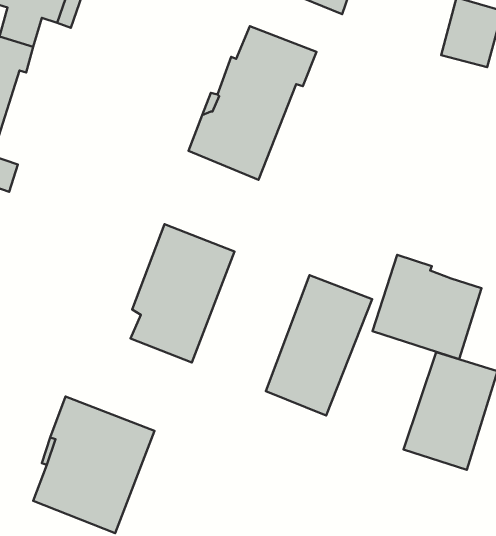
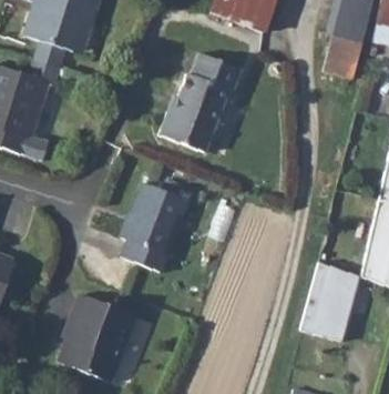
building: [373,255,481,359] -> none
building: [266,275,372,416] -> none

